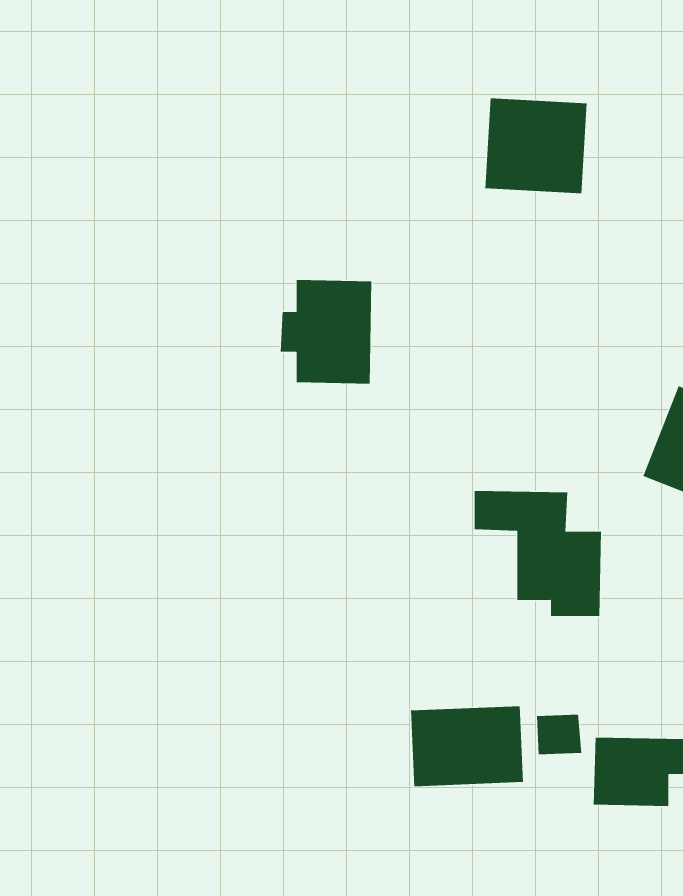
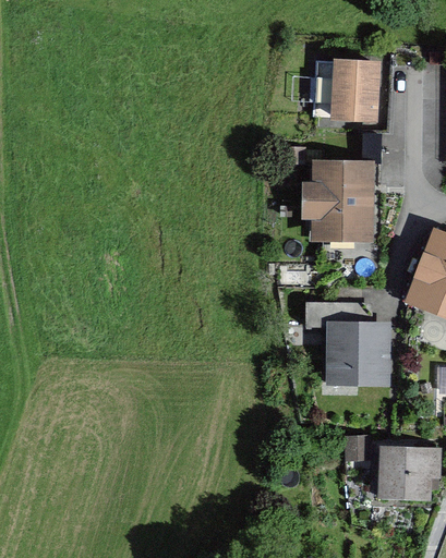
building: [280,279,372,384] -> [311,169,367,233]
building: [411,705,523,787] -> none

